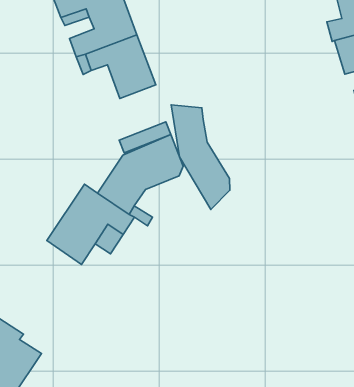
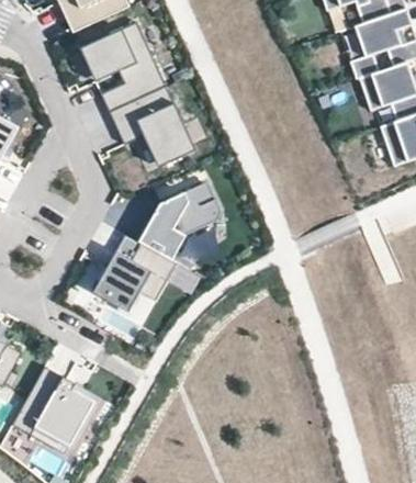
building: [171,105,230,209] -> none

